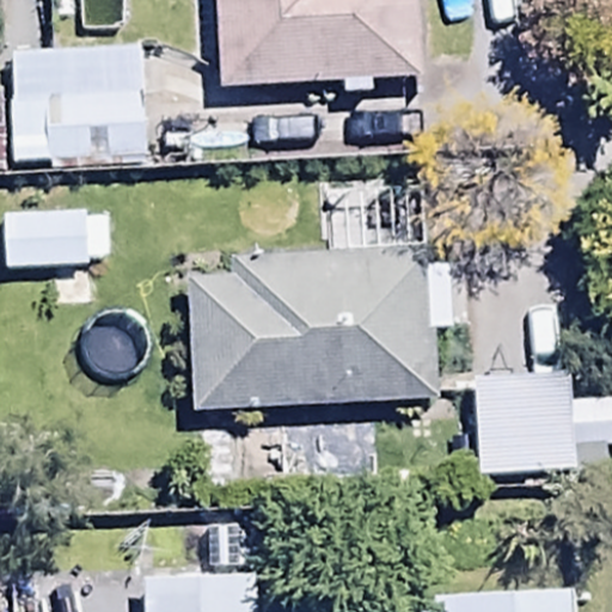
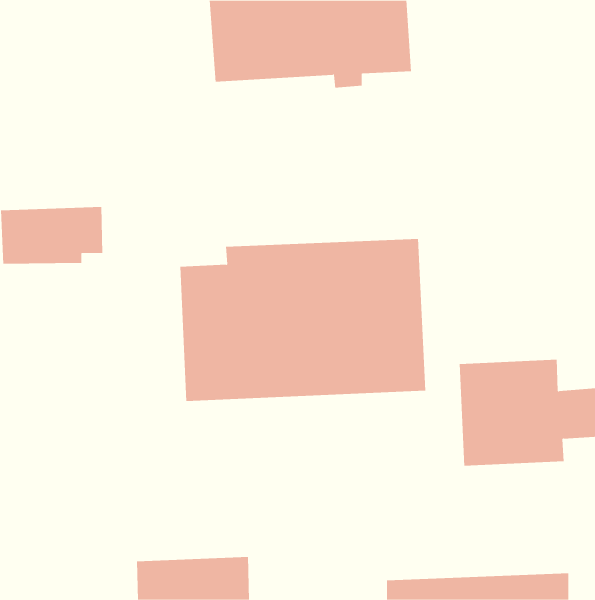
building: [12,47,141,169] -> none

